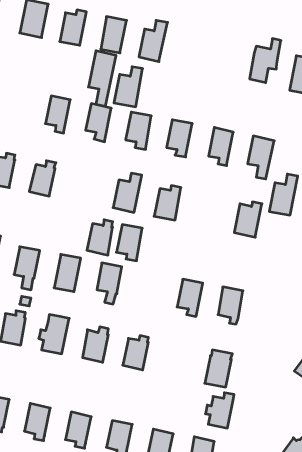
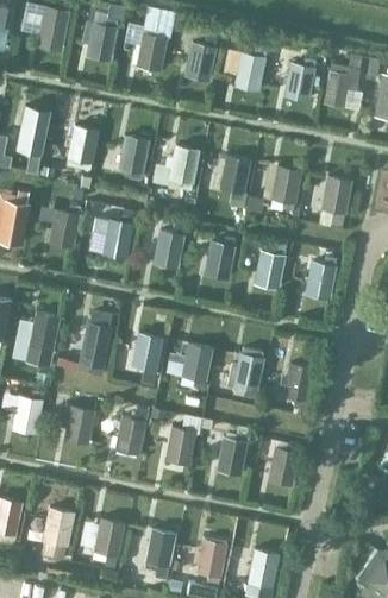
building: none -> [283,58,315,101]
building: [88,51,116,106] -> [15,103,50,172]
building: [114,67,143,107] -> [232,42,268,92]
building: [269,174,298,215] -> [252,239,288,290]
building: [87,220,113,255] -> [100,216,132,260]
building: [116,225,142,261] -> [180,342,212,388]
building: [205,393,234,428] -> [212,433,248,477]

